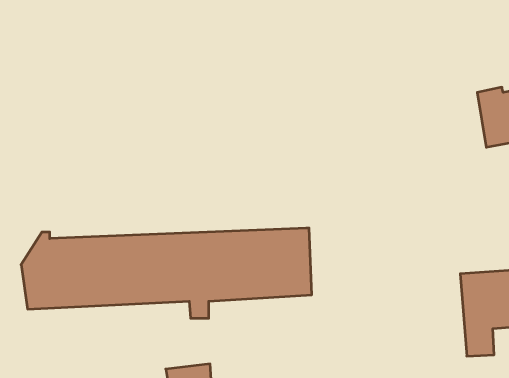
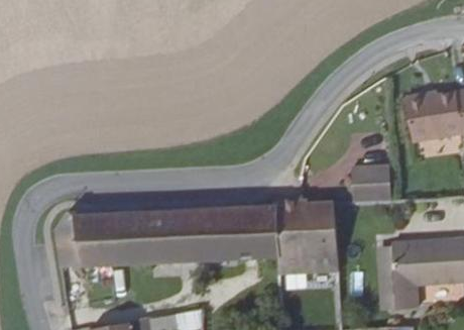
building: none -> [354,167,392,200]
building: none -> [275,199,338,272]

